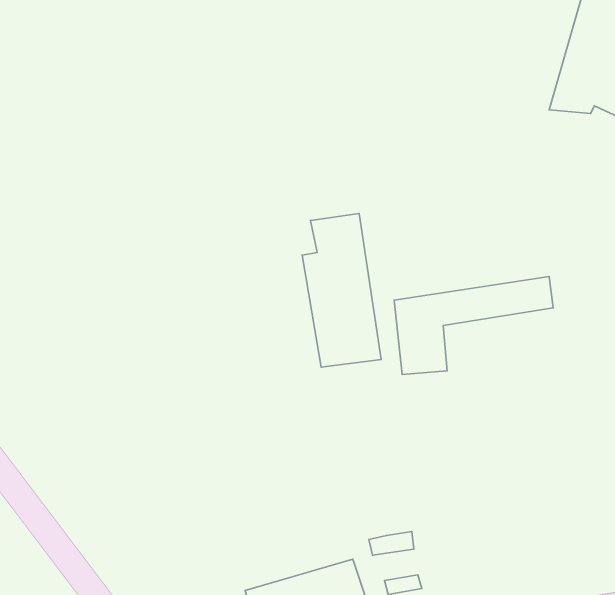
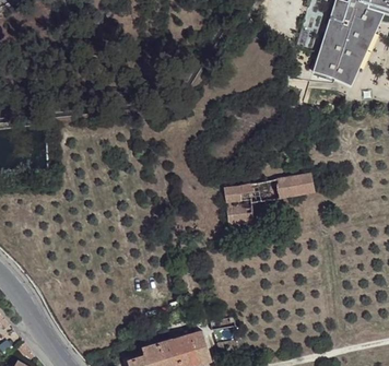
building: [302,213,381,367] -> none

